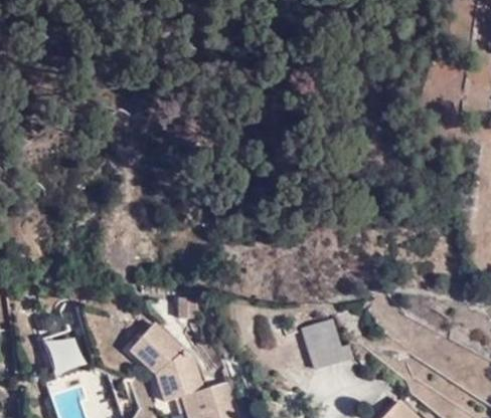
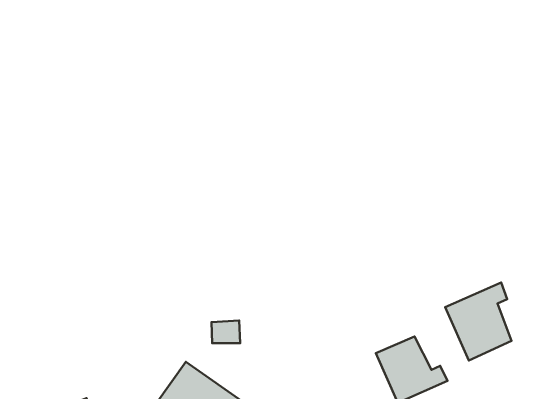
building: none -> [445,282,512,361]

